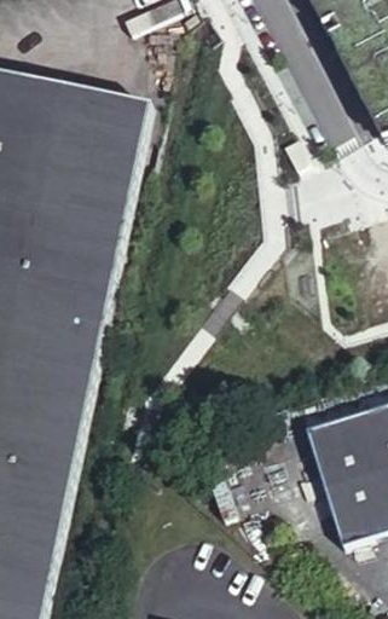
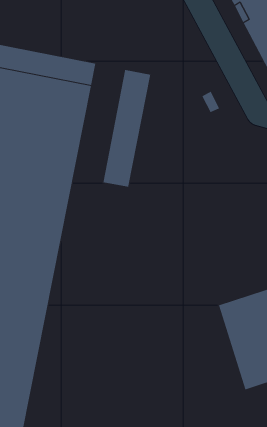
building: none -> [103,69,151,188]

